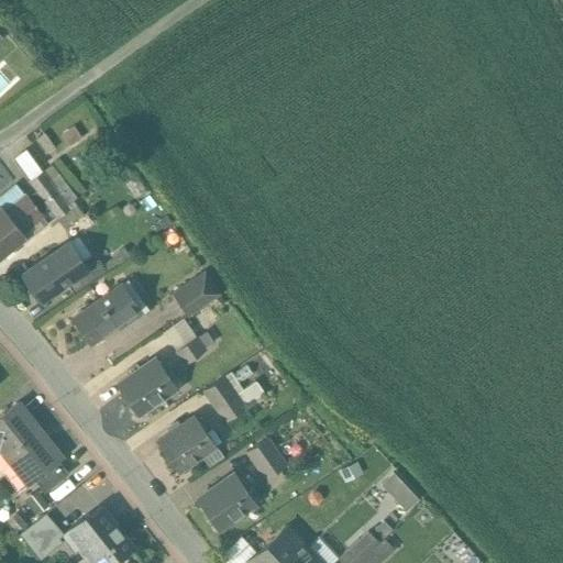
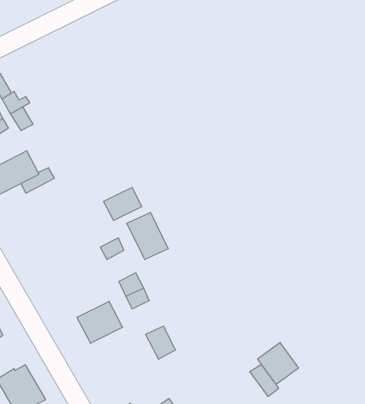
building: [73,283,144,344] -> none
building: none -> [127,212,168,260]
building: [118,358,177,416] -> none
building: none -> [258,342,298,385]
building: [198,473,256,529] -> none

